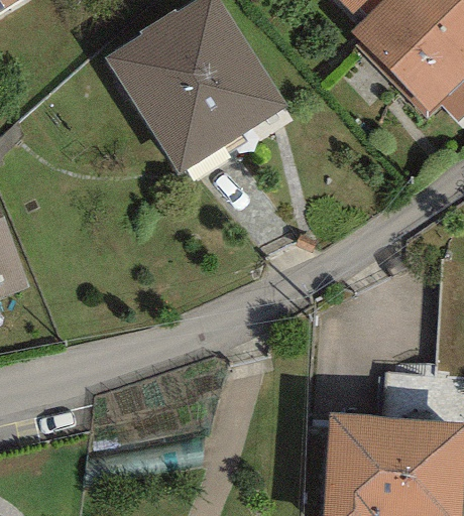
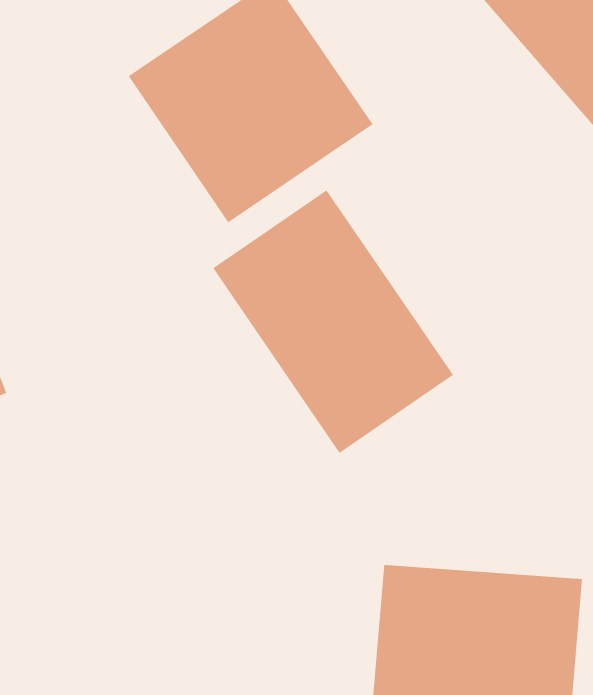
building: none -> [212,189,454,454]

